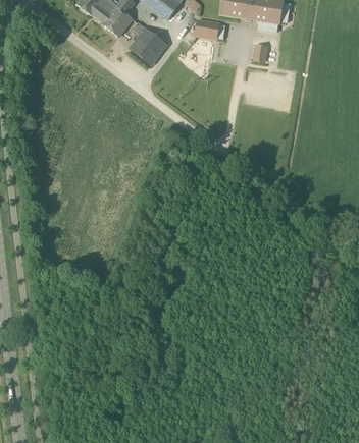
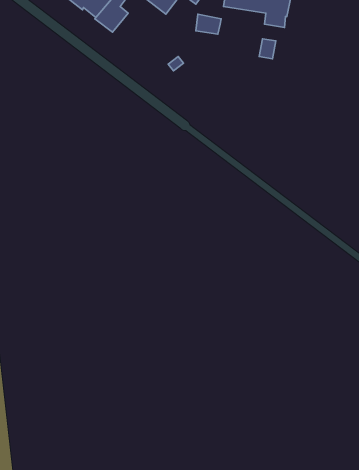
building: [131,21,166,63] -> none

